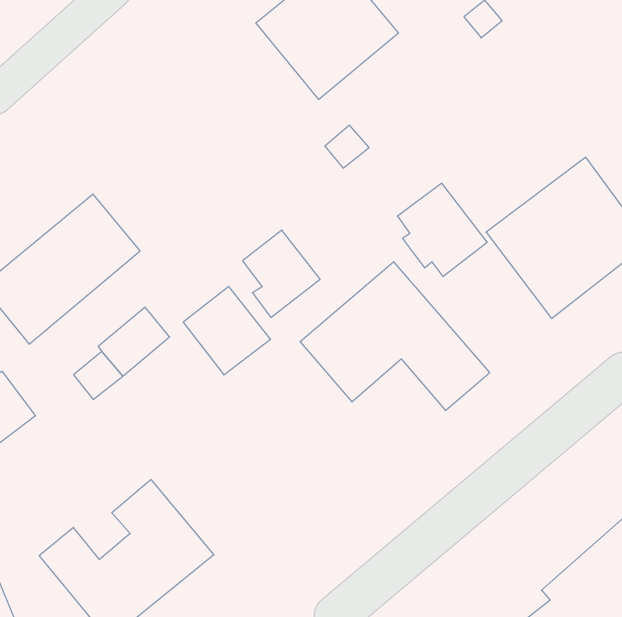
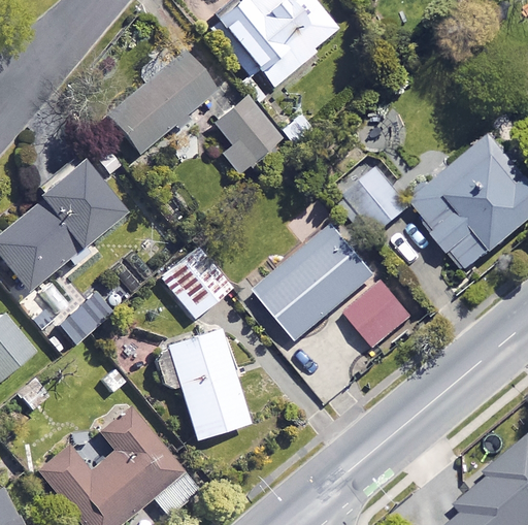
building: none -> [107,52,216,155]
building: [243,230,320,317] -> [214,97,279,170]
building: none -> [165,330,250,440]

